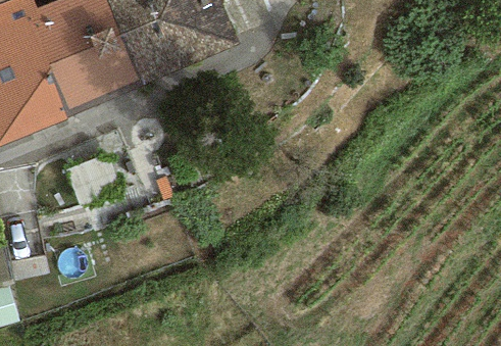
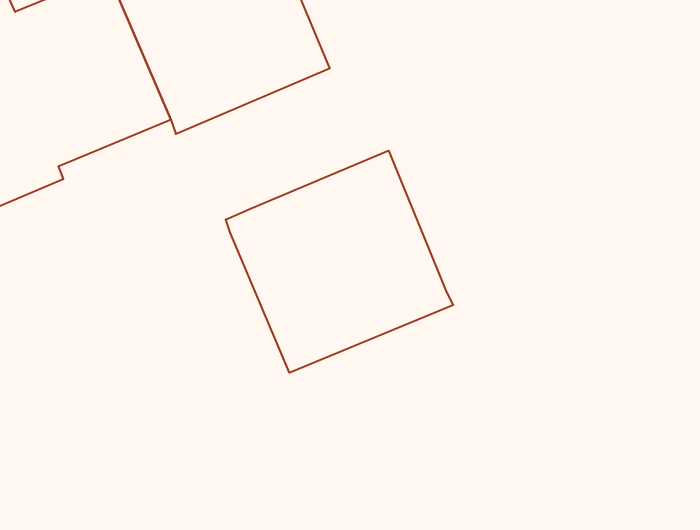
building: none -> [226,151,453,373]

